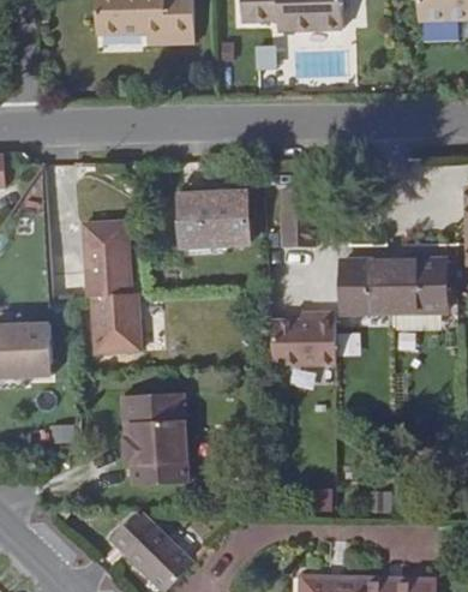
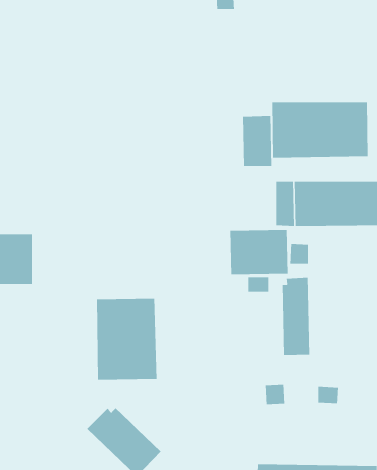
building: none -> [272,102,369,158]
building: [179,191,250,247] -> none
building: [72,223,143,355] -> none
building: none -> [282,277,310,356]

